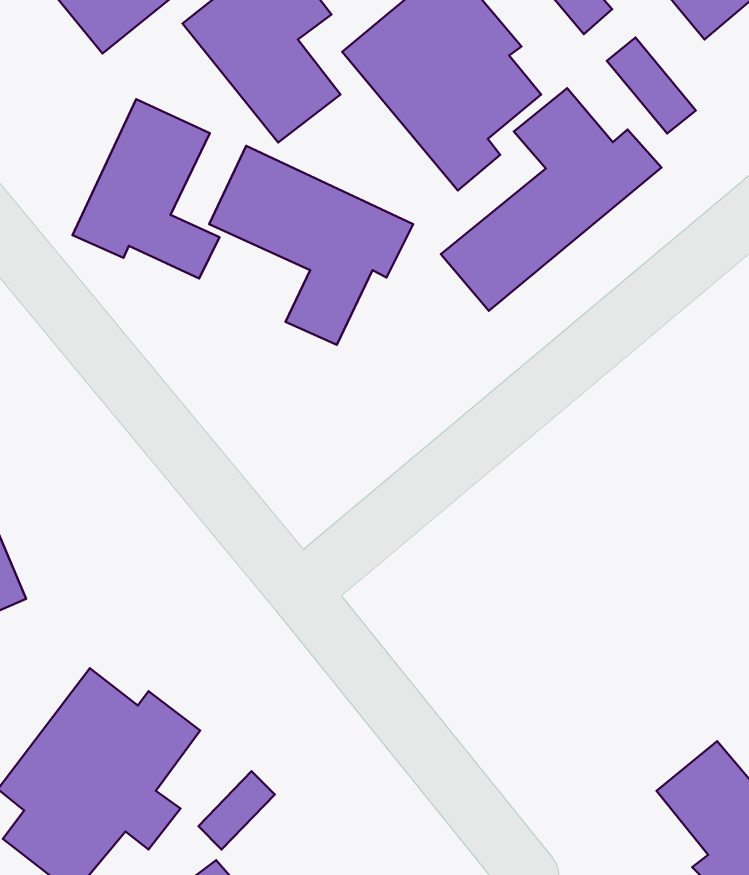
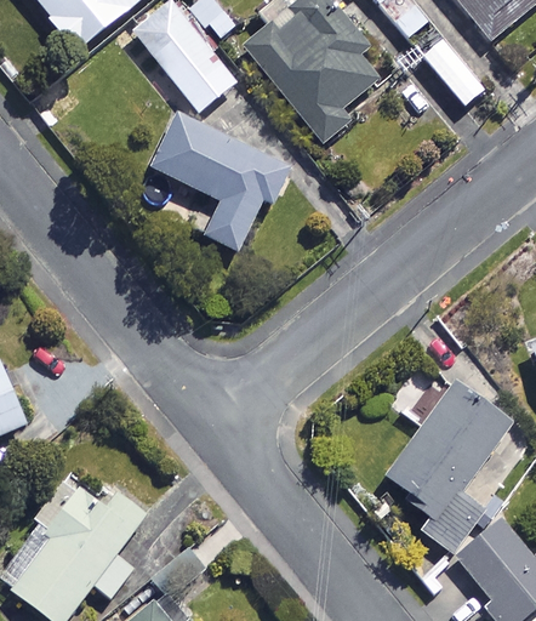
building: [441,88,661,311] -> none
building: [72,99,219,278] -> none
building: none -> [389,383,511,551]

